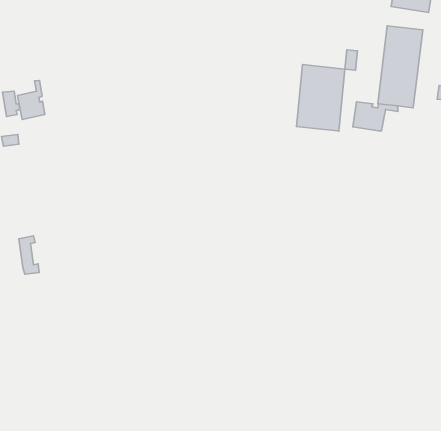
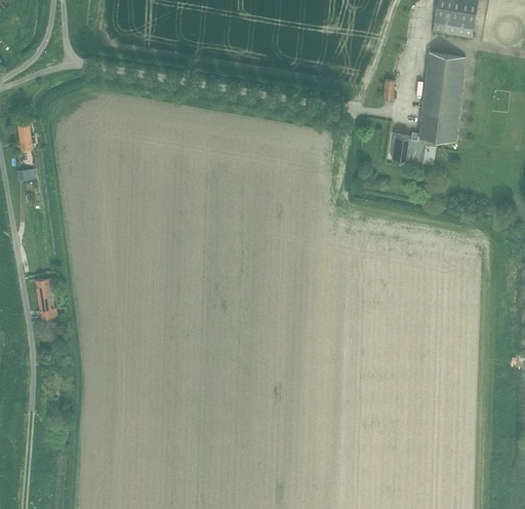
building: [296,64,345,131] -> none
building: [18,80,45,119] -> none

